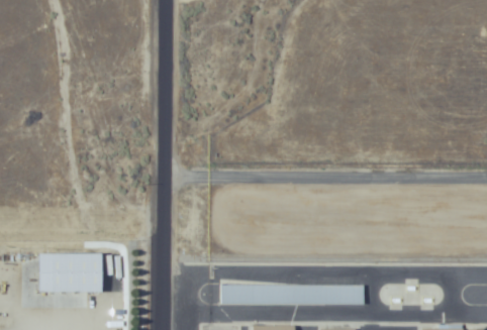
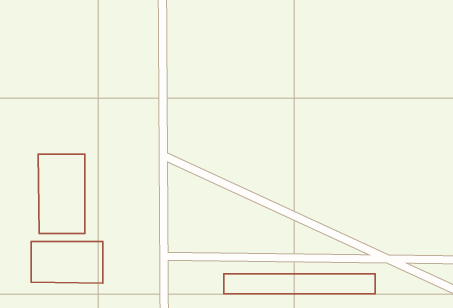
building: none -> [38,154,85,233]

